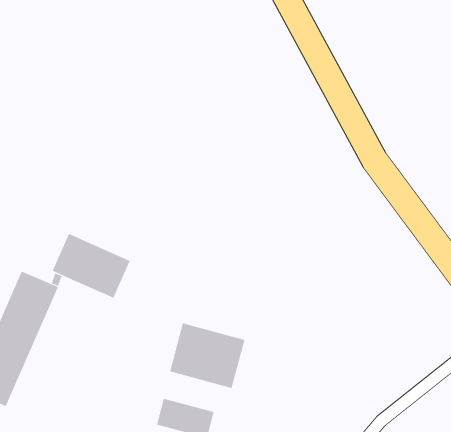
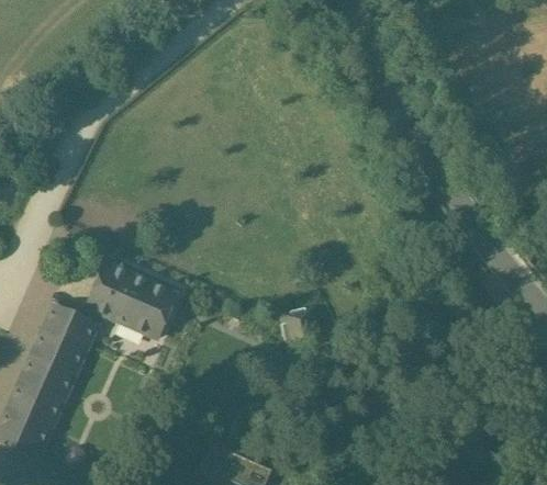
building: none -> [286,312,316,340]
building: [169,323,245,389] -> none

